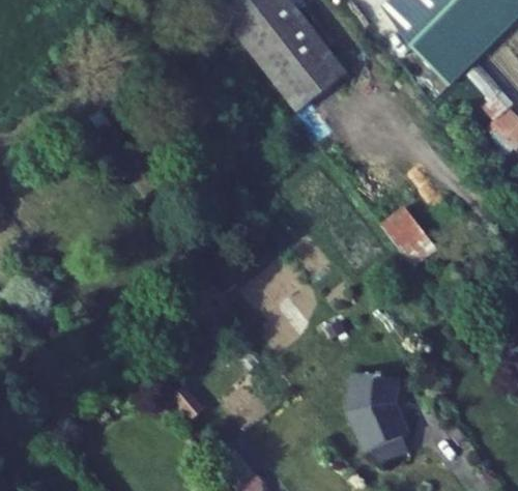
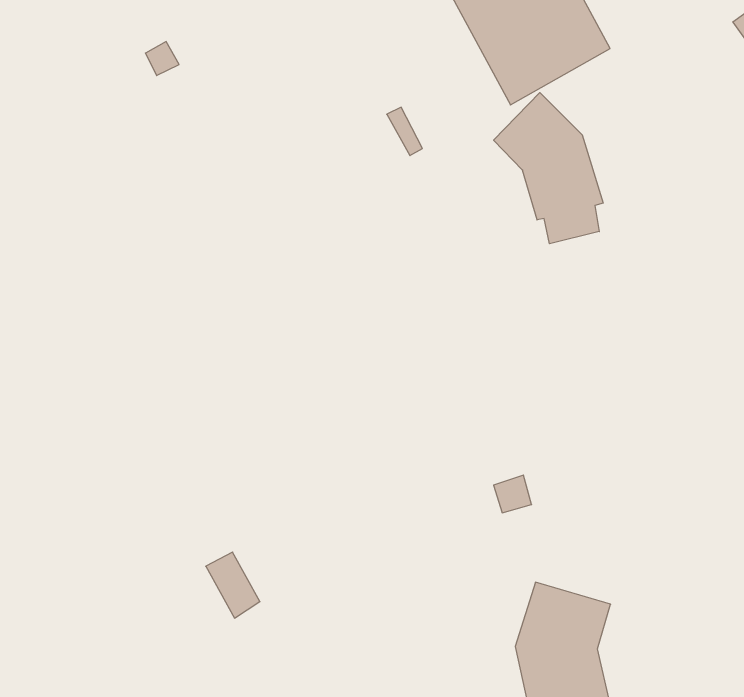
building: none -> [494,93,603,244]
building: [379,204,435,265] -> none

